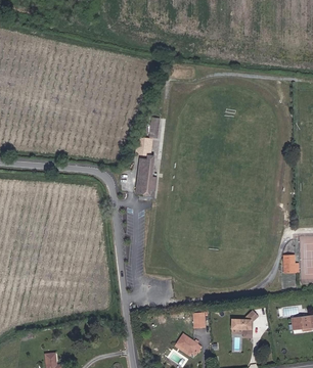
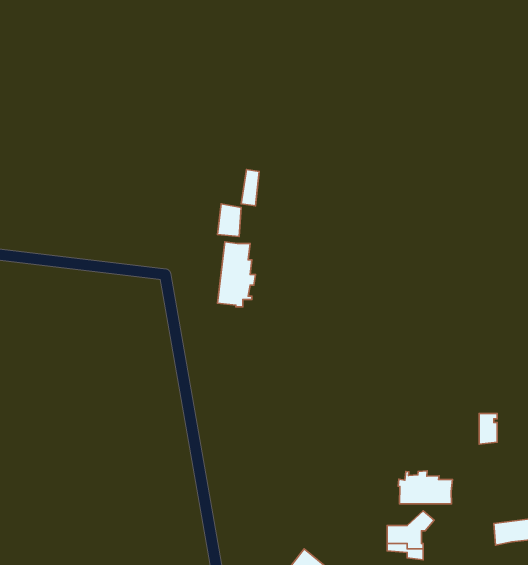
building: none -> [398,471,452,504]

